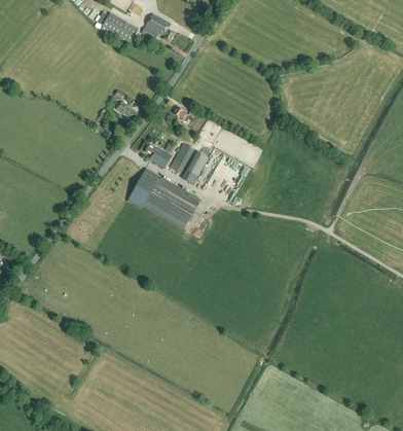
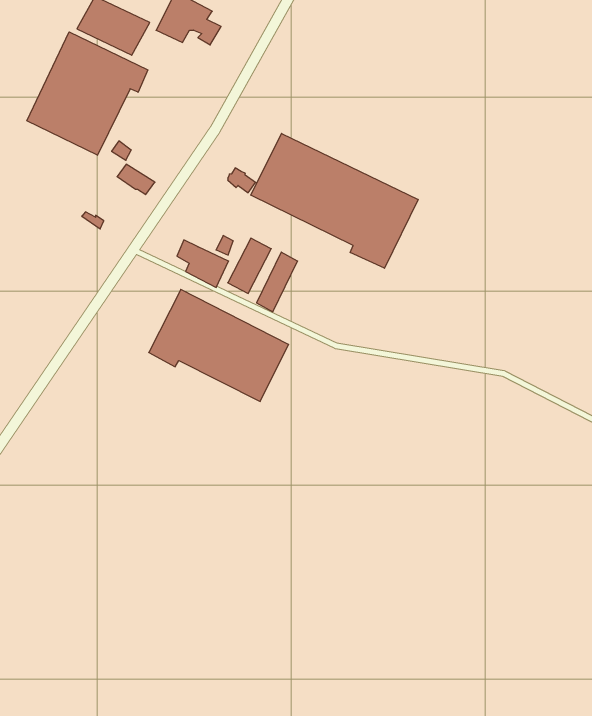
building: none -> [27,32,148,155]
building: none -> [251,133,418,268]

